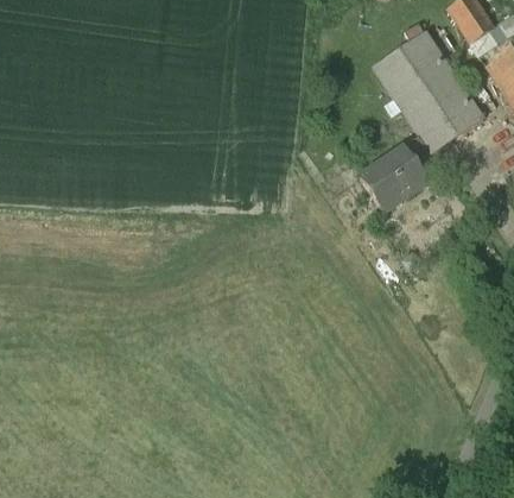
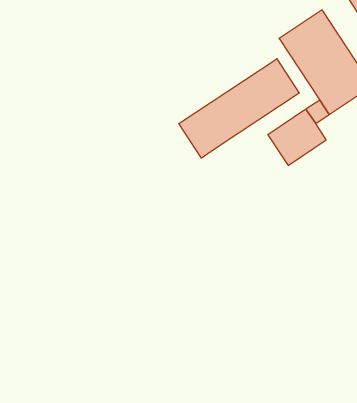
building: none -> [179,59,299,158]

